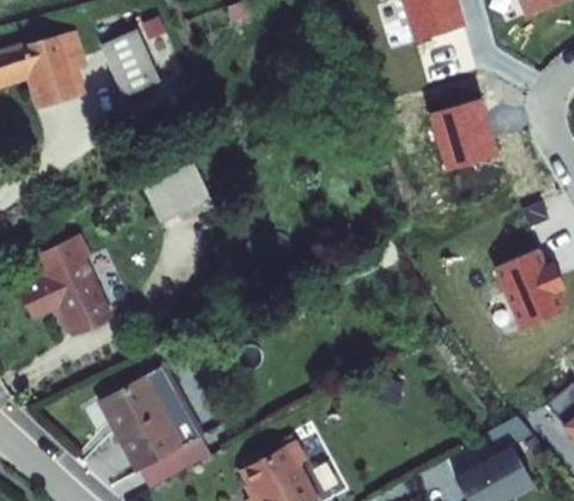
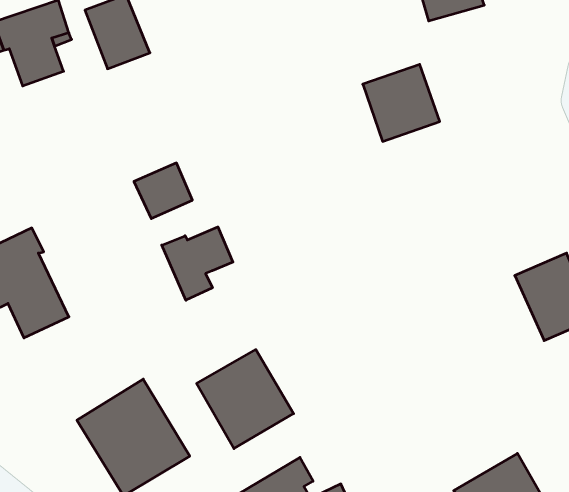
building: [431,104,501,174] -> [363,64,440,141]
building: none -> [162,227,233,300]
building: none -> [197,350,294,449]

